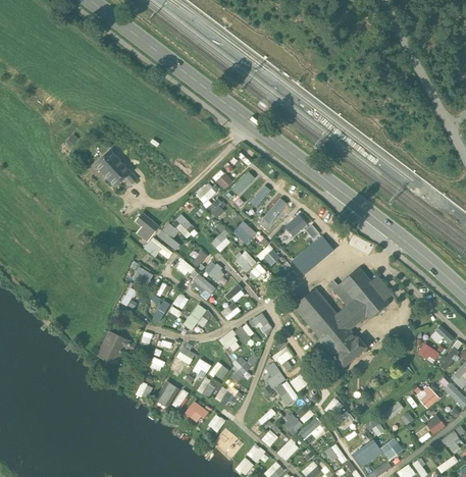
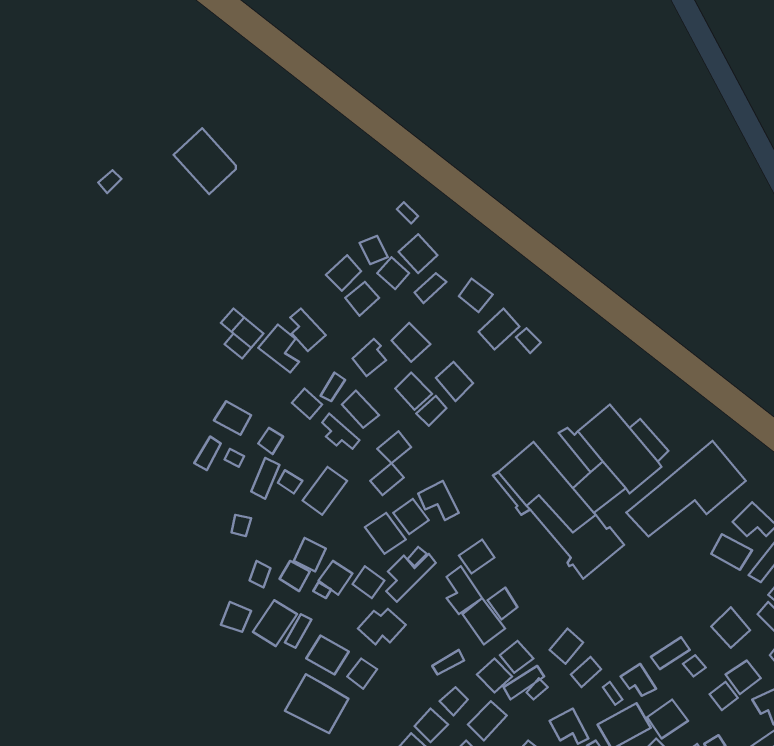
building: [95,150,131,188] -> [174,128,236,194]
building: [293,236,333,275] -> none
building: none -> [626,441,746,537]
building: [97,331,136,365] -> none
building: none -> [285,674,348,733]

